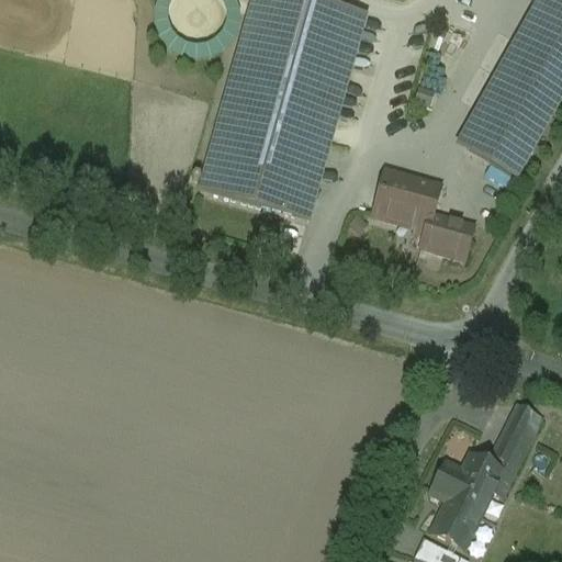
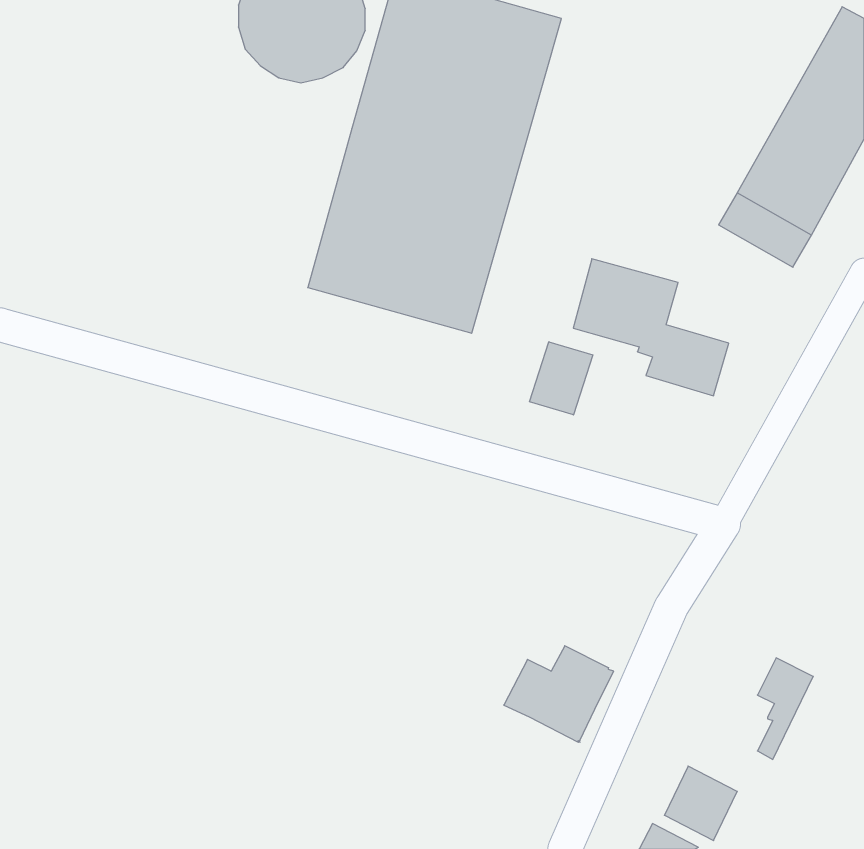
building: none -> [530,342,593,415]
building: [504,402,541,439] -> none
building: [430,451,502,514] -> [504,646,614,742]

